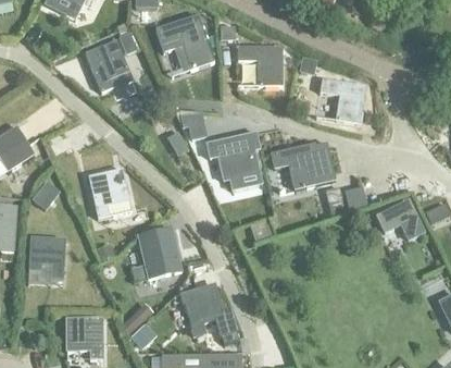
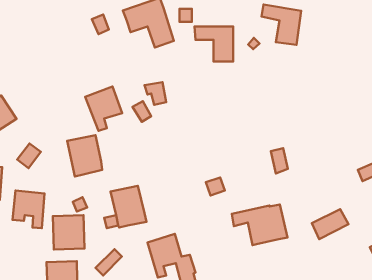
building: [87,42,129,94] -> [85,87,122,131]
building: [320,77,365,124] -> [262,4,301,45]
building: [208,132,259,180] -> none
building: [271,142,335,188] -> [232,205,287,245]
building: [375,196,417,231] -> [312,209,348,239]
building: none -> [53,215,85,249]

